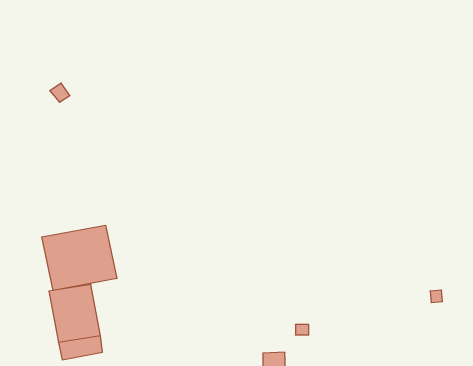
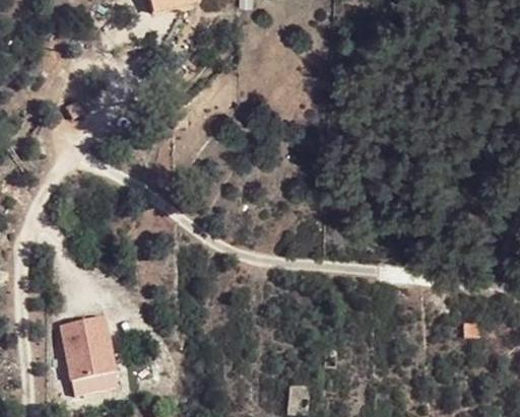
building: [42,225,117,290] -> none

